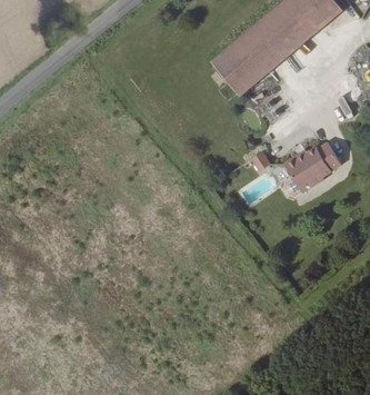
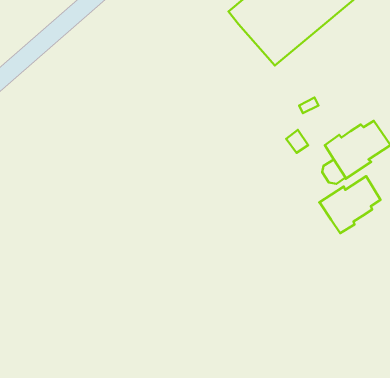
building: none -> [319,176,381,233]

